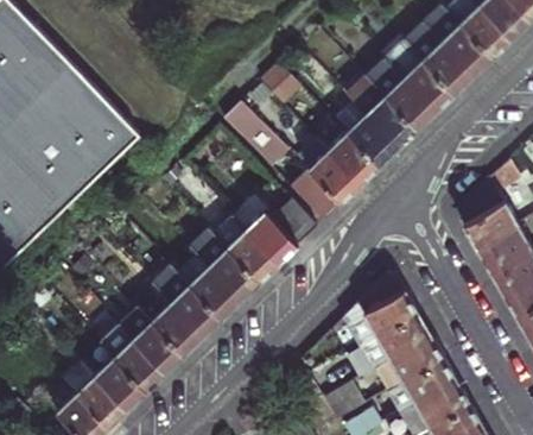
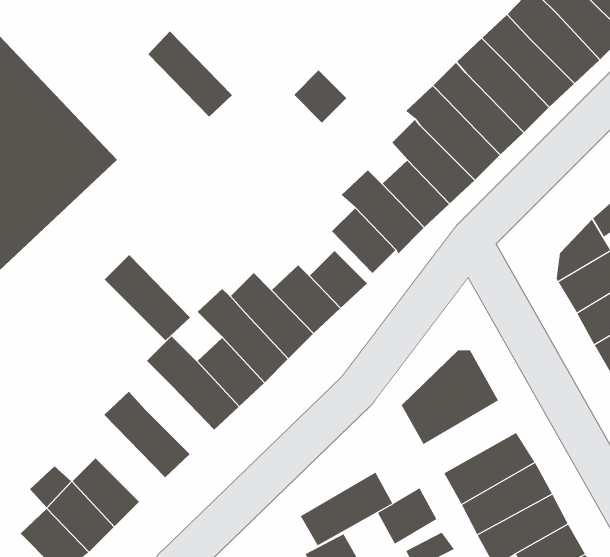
building: [227,102,291,168] -> [148,30,233,117]
building: [153,303,204,354] -> none
building: [361,314,431,370] -> [300,472,393,546]
building: [102,324,167,390] -> [104,254,191,341]

